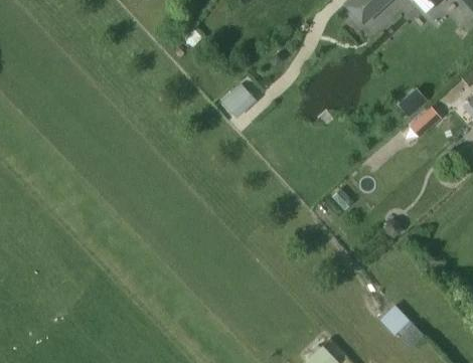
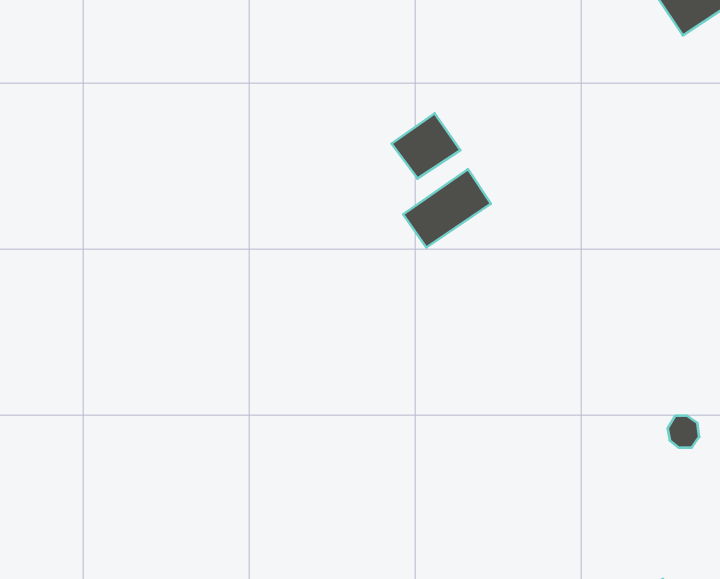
building: none -> [403,169,491,247]

